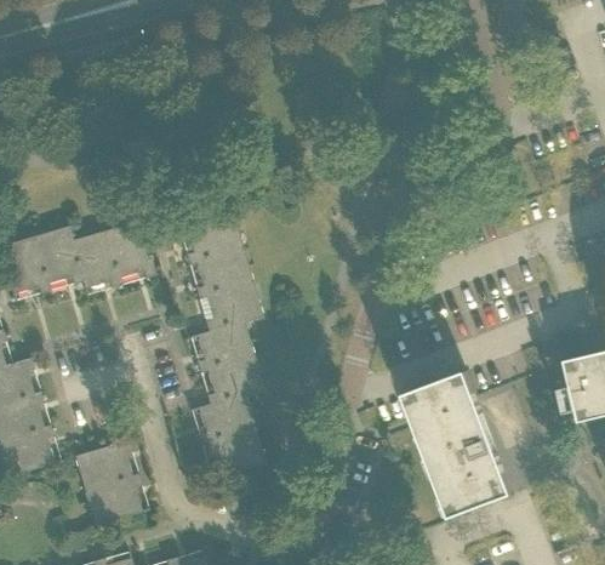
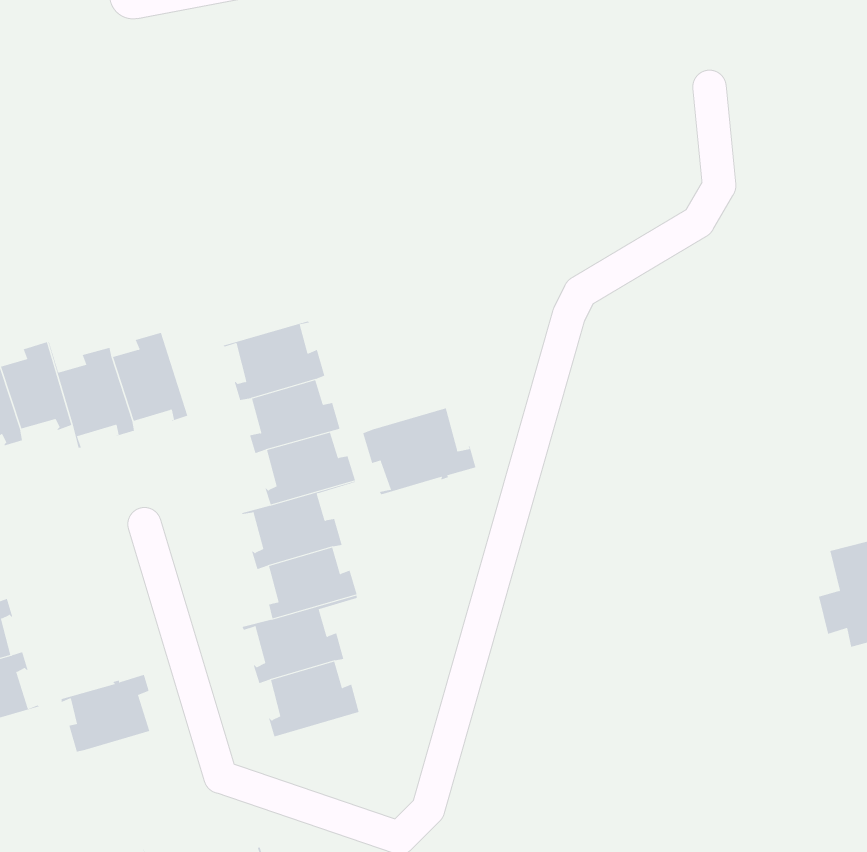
building: none -> [363,408,476,495]
building: [400,372,509,519] -> none
building: [85,475,144,527] -> none

